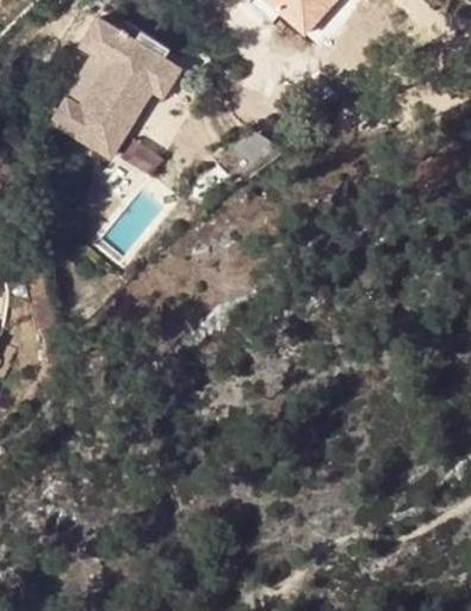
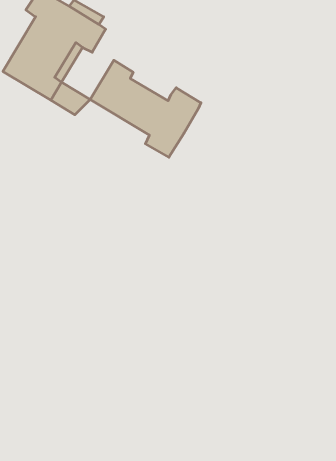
building: none -> [90,60,201,157]

